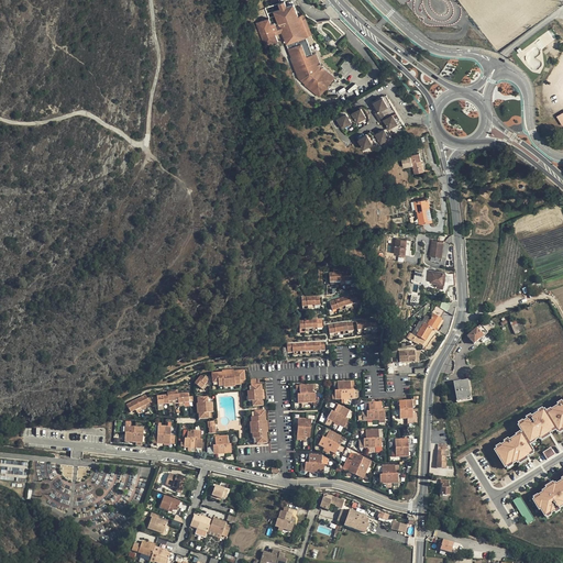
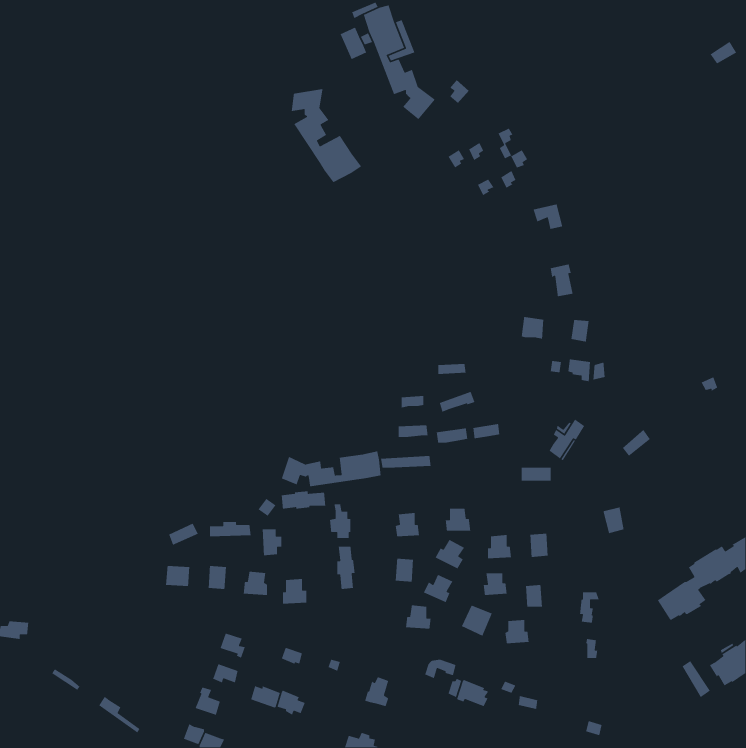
building: none -> [291,88,362,183]
building: none -> [281,451,381,487]

